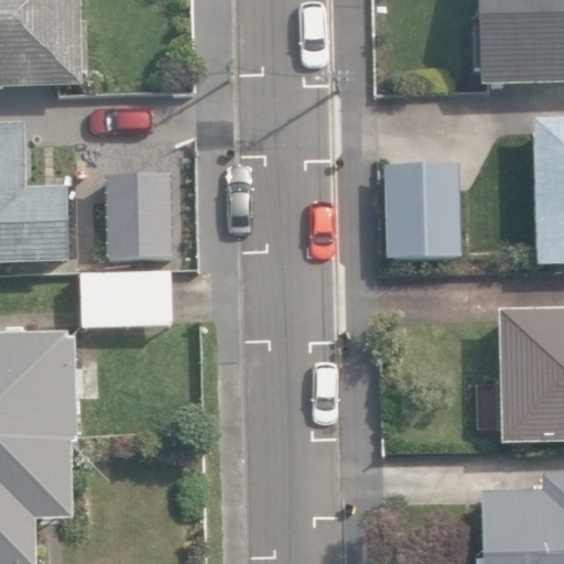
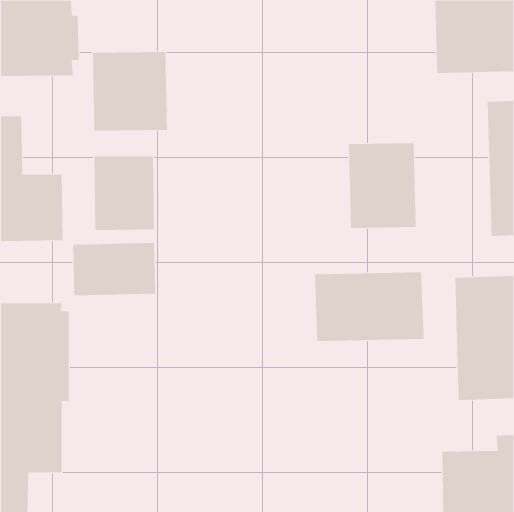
building: none -> [92,51,167,131]
building: none -> [315,271,424,342]

